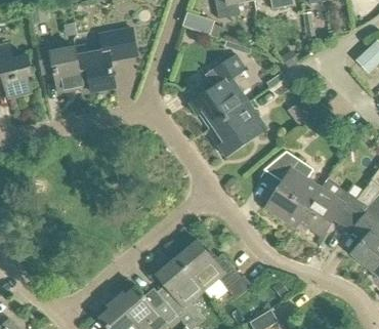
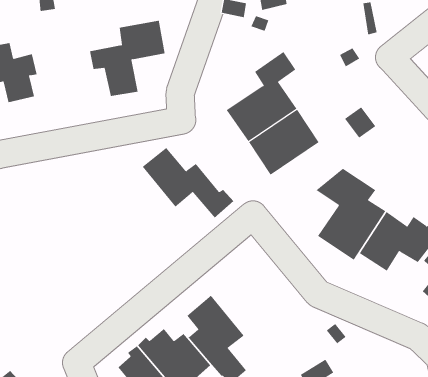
building: [37,42,92,91] -> none
building: [176,240,253,299] -> [142,147,234,219]

